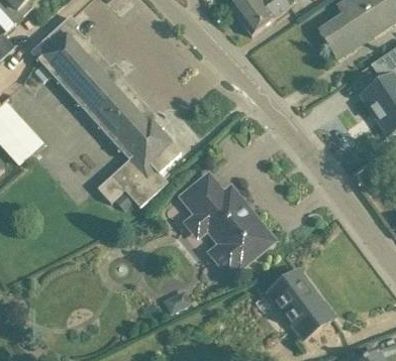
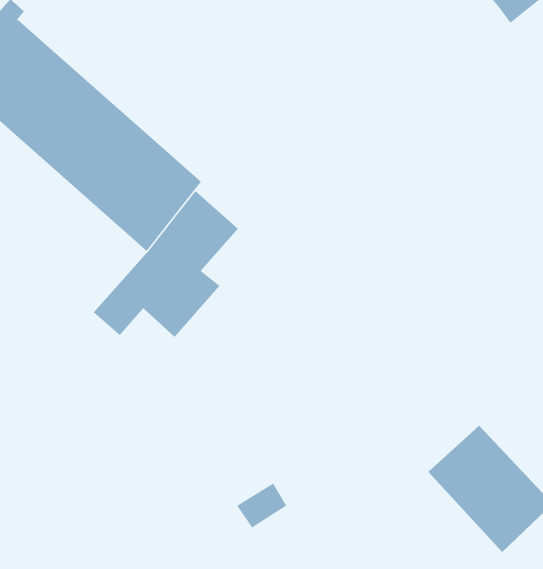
building: [181,174,275,278] -> none

